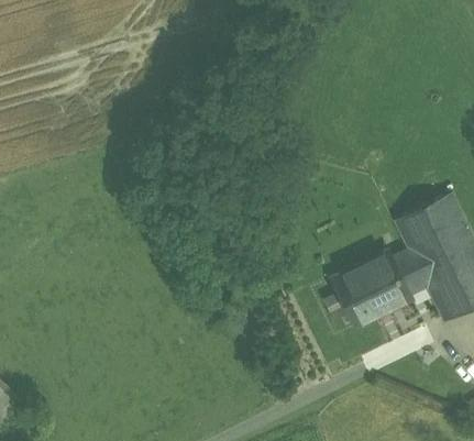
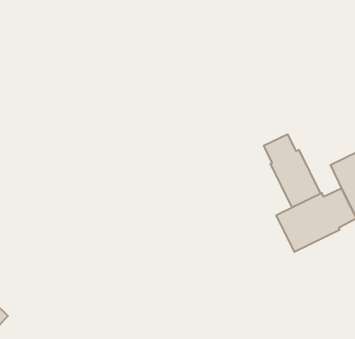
building: none -> [264,134,320,208]

